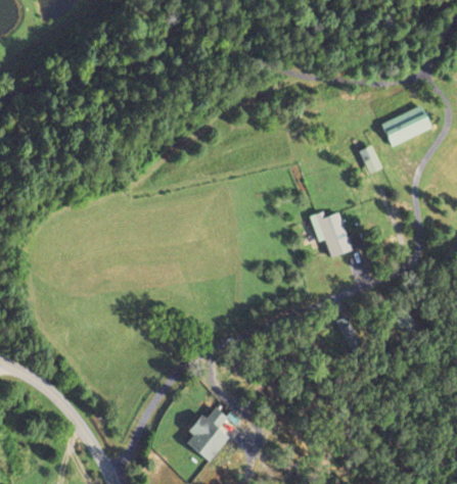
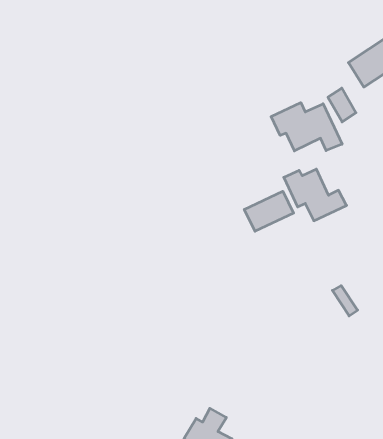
building: none -> [271,103,342,151]
building: none -> [244,191,294,231]

